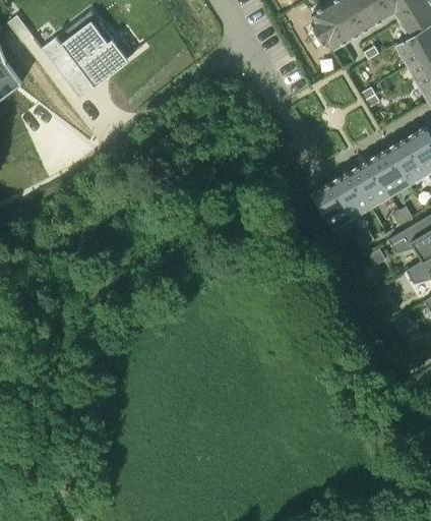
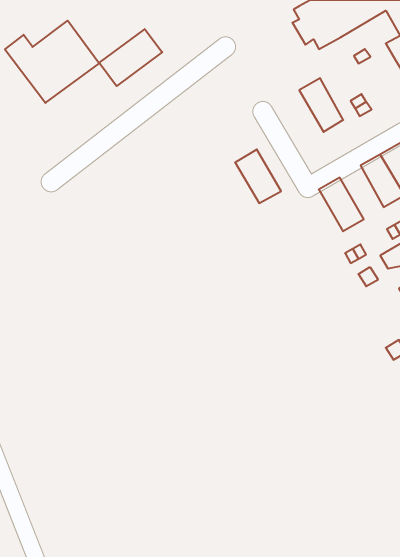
building: none -> [99,29,162,86]
building: [351,156,391,206] -> [299,78,343,132]
building: [311,178,354,228] -> [235,149,281,203]

